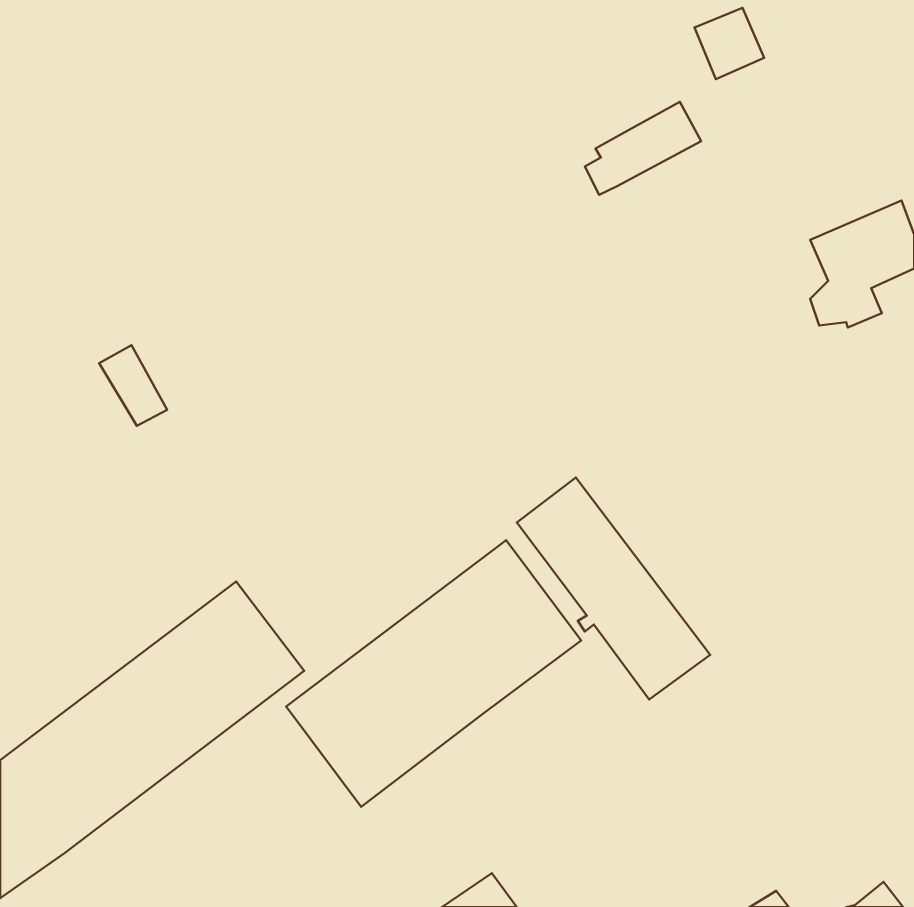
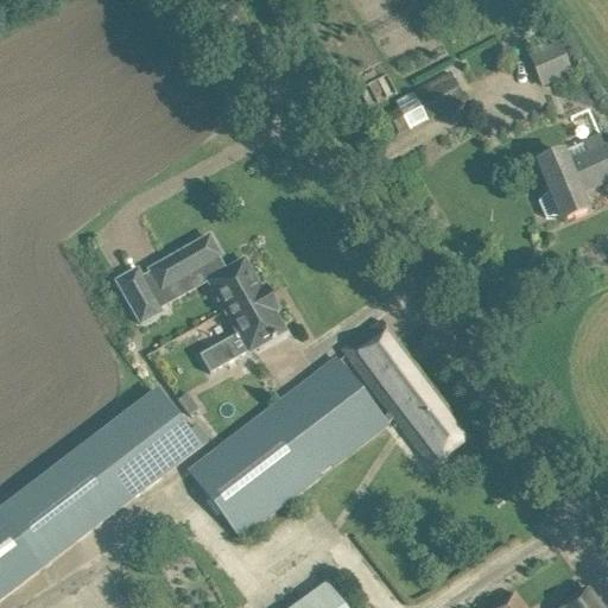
building: [694,8,764,79] -> [527,38,574,86]
building: [99,345,167,426] -> [116,267,162,321]
building: none -> [150,234,285,370]

